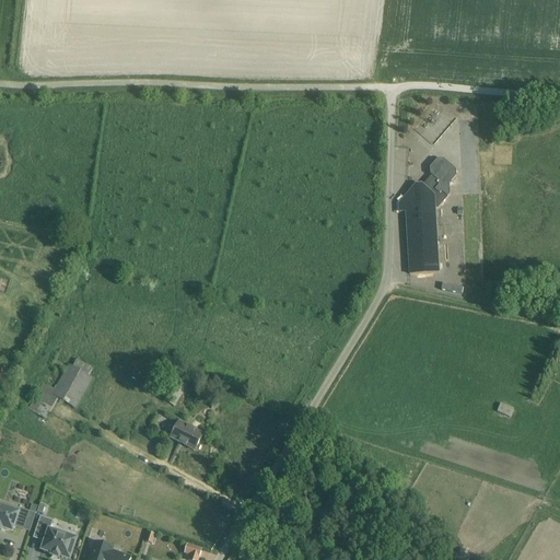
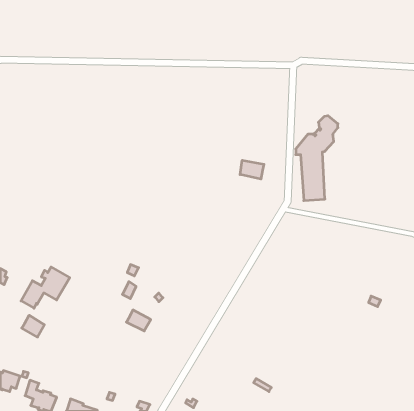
building: none -> [240,160,264,179]
building: none -> [22,315,44,337]

